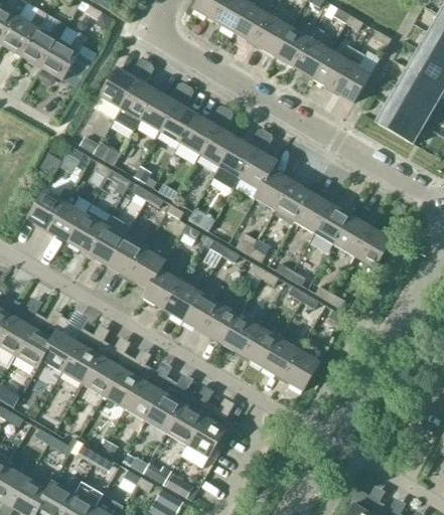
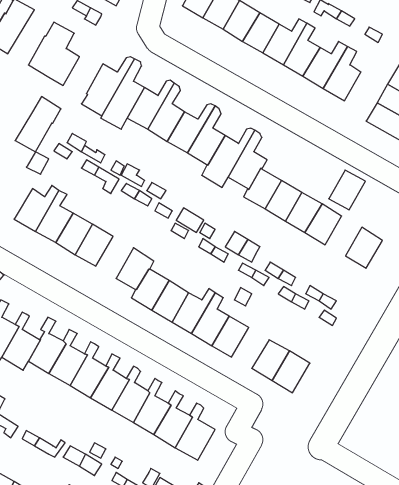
building: [21,13,66,67] -> [15,97,61,152]
building: [334,216,371,255] -> [329,170,365,210]
building: [108,236,145,278] -> none
building: [242,326,279,366] -> none

